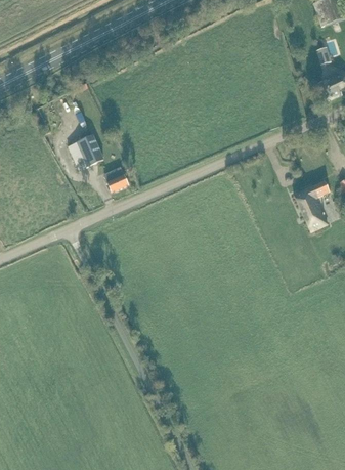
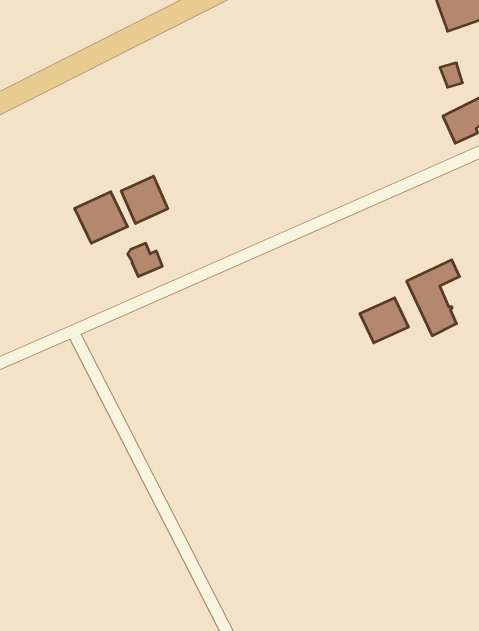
building: none -> [121,176,168,224]
building: none -> [360,298,408,343]

